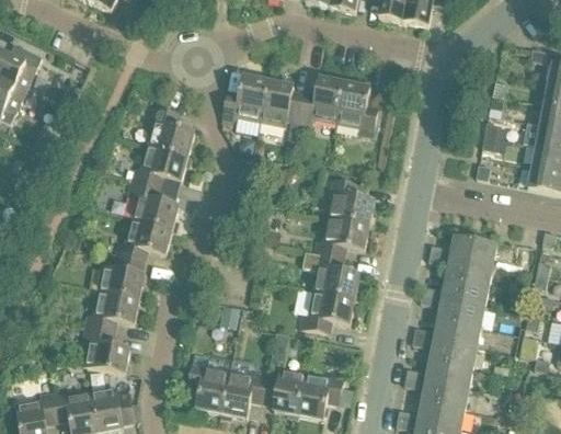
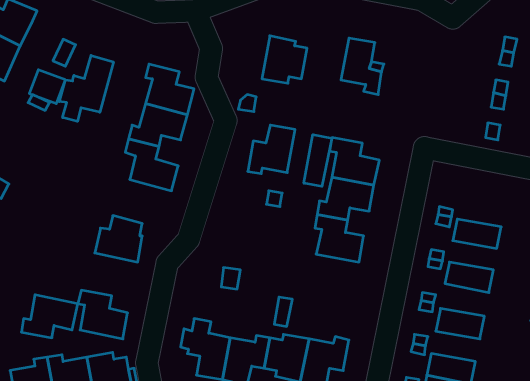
building: [222,75,268,122] -> [248,125,295,174]
building: [299,76,345,124] -> none
building: none -> [59,55,113,121]
building: none -> [304,135,332,186]
building: [116,218,173,261] -> none
building: [450,235,497,264] -> none
building: [443,277,489,306] -> none
building: [85,289,140,331] -> [21,295,78,338]
building: [300,290,355,332] -> none
building: [434,319,481,351] -> none
building: [425,365,472,395] -> none

